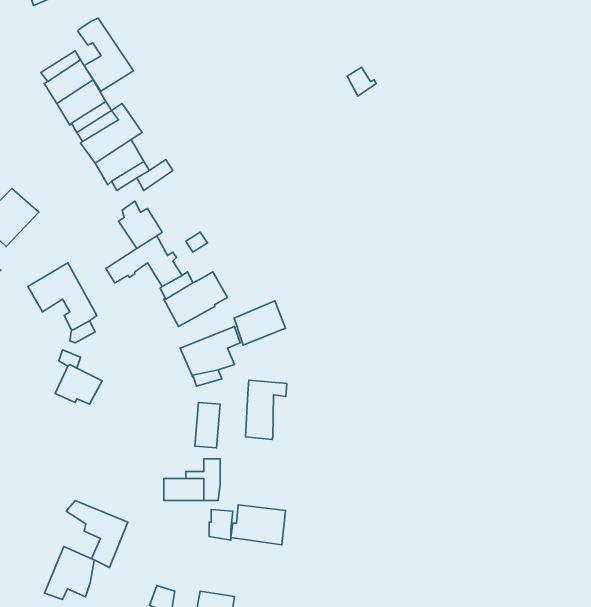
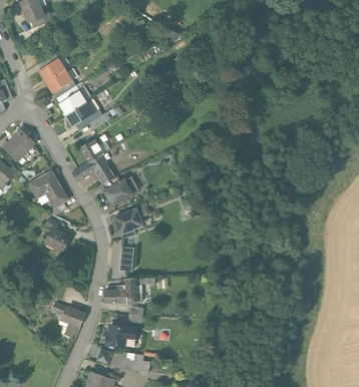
building: [78,18,133,91] -> none
building: [234,301,286,345] -> none
building: [246,380,287,440] -> none
building: [231,505,285,545] -> [106,325,136,347]
building: [45,547,96,600] -> none

